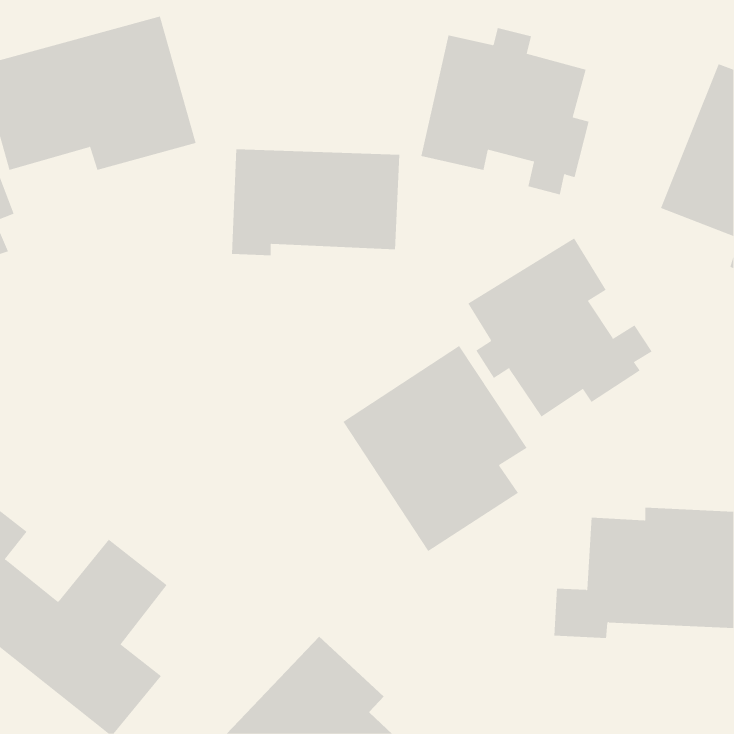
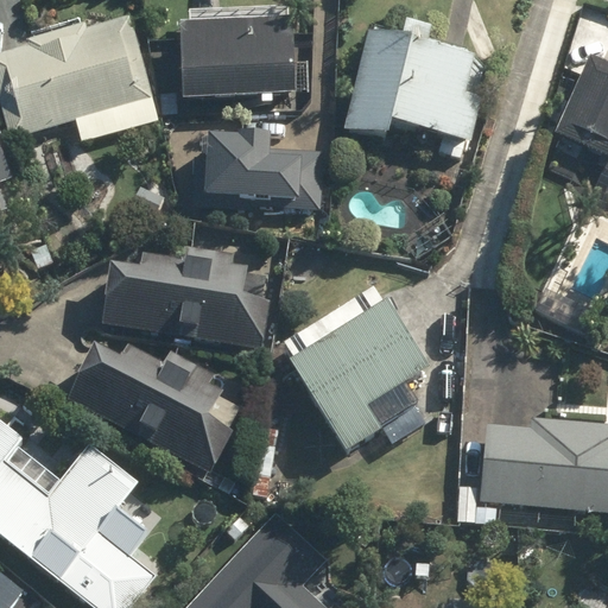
building: none -> [186,23,299,100]
building: [468,237,653,418] -> none
building: none -> [102,240,273,349]
building: none -> [70,346,254,474]

